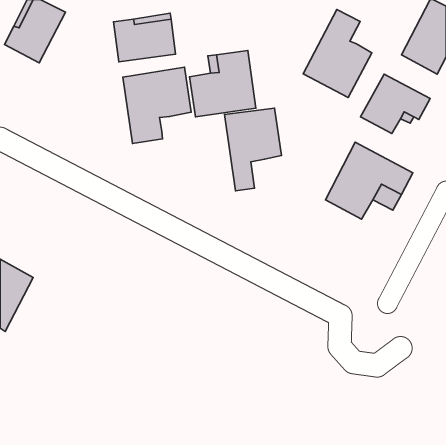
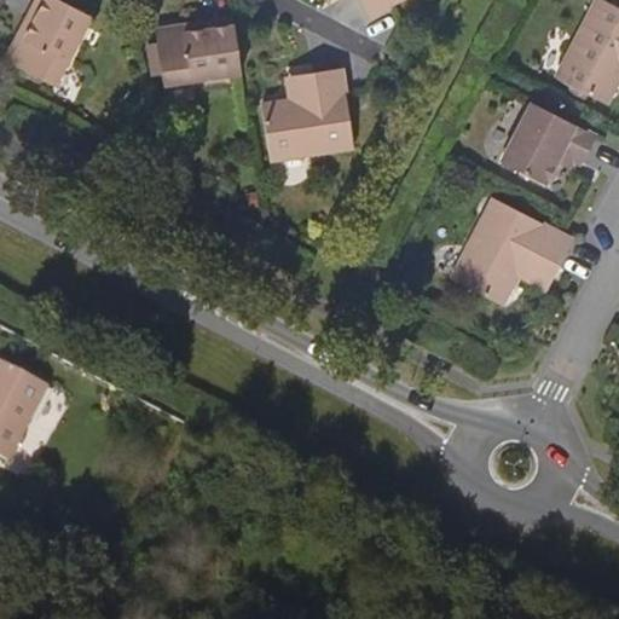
building: [303,9,372,98] -> none
building: [123,67,191,144] -> none
building: [224,108,281,191] -> none

